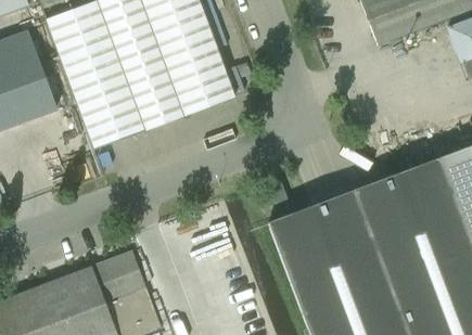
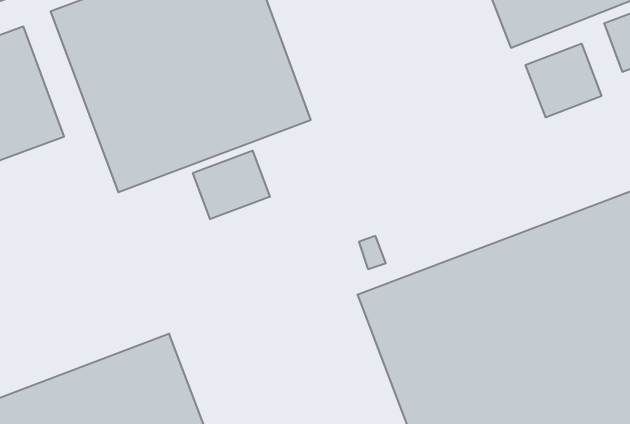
building: none -> [526,44,601,117]
building: none -> [193,151,270,219]

